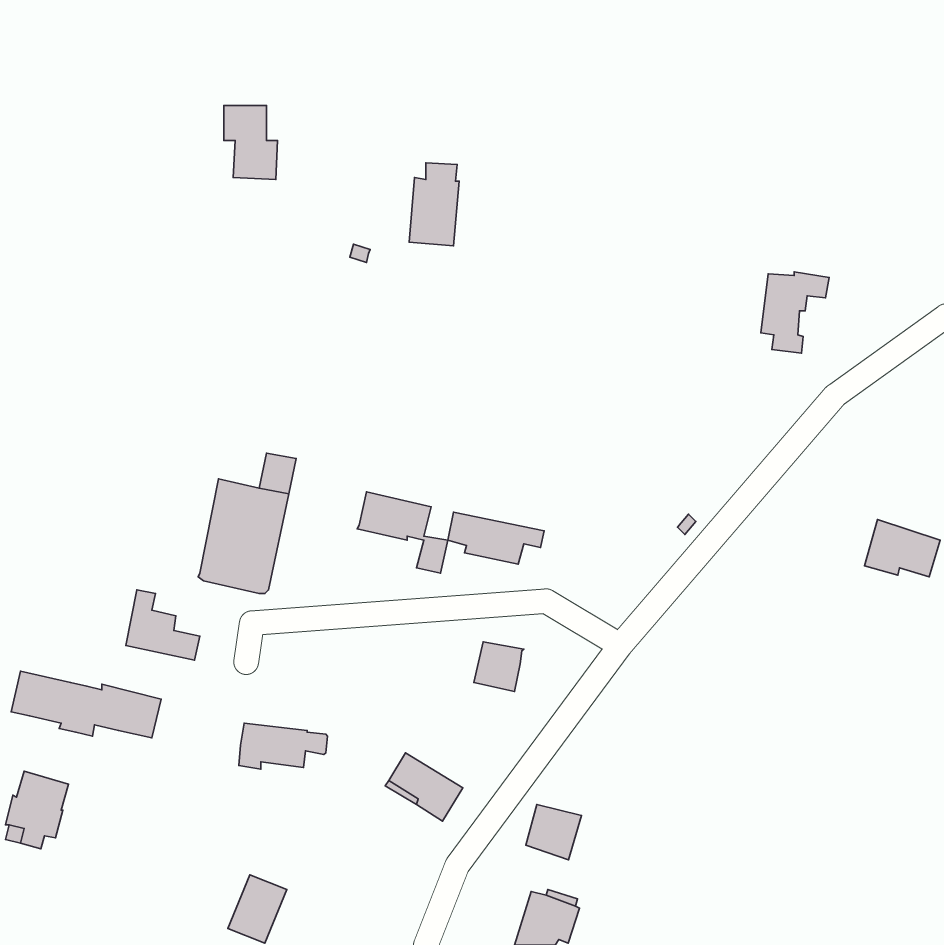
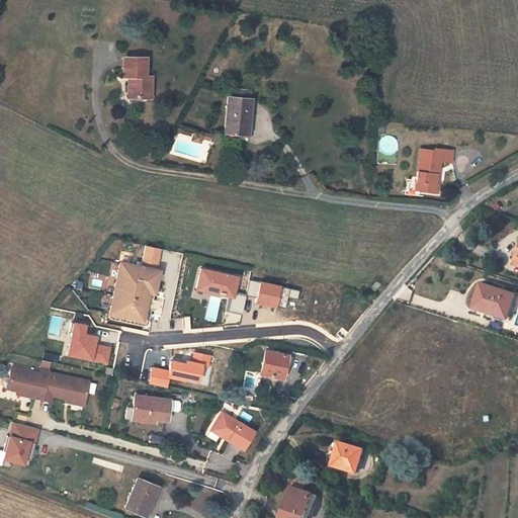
building: none -> [150,353,209,387]
building: [526,804,581,860] -> [333,443,363,473]

